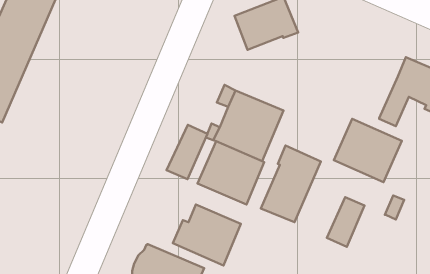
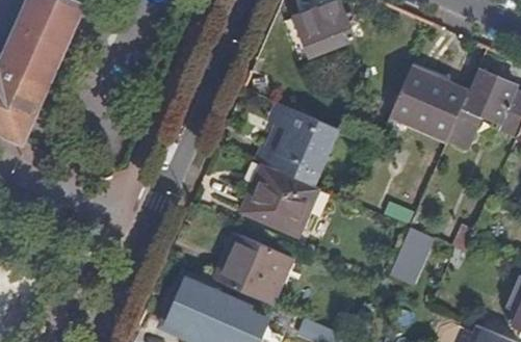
building: [334,119,402,182] -> [392,67,469,138]
building: [167,125,207,179] -> none
building: [261,145,321,222] -> none

